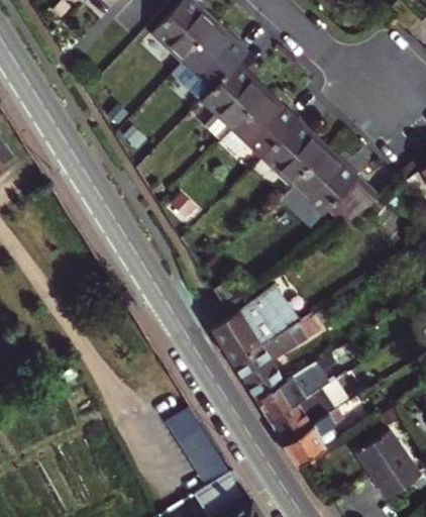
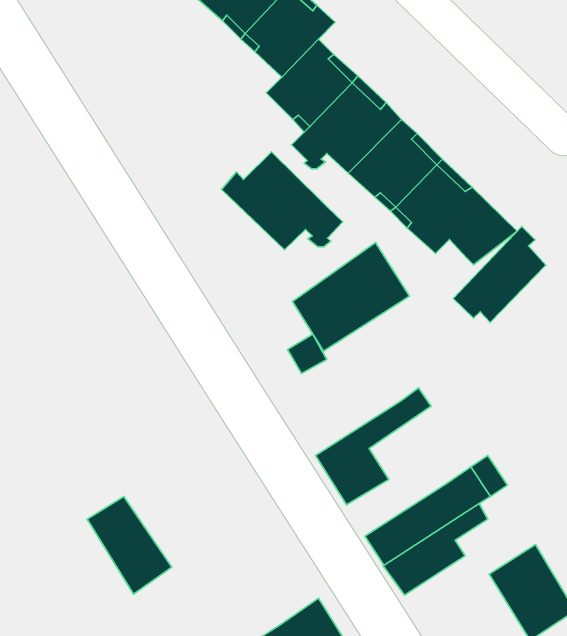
building: none -> [221,152,343,250]
building: none -> [453,226,546,322]
building: [212,287,296,365] -> [292,242,409,351]
building: [256,361,329,422] -> none
building: [176,416,236,486] -> [87,497,172,594]

